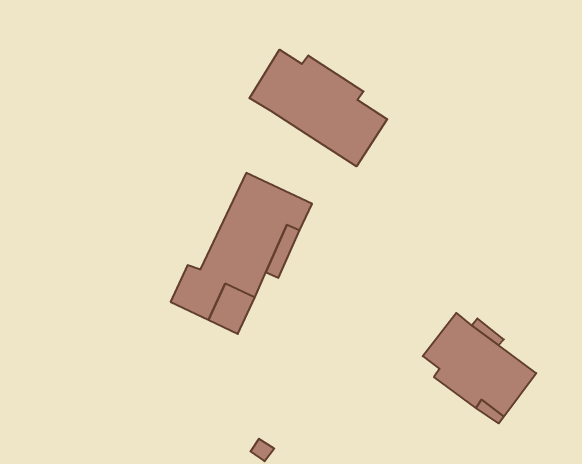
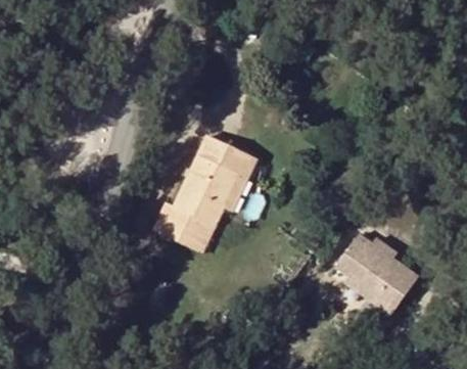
building: [249,50,387,166] -> none

